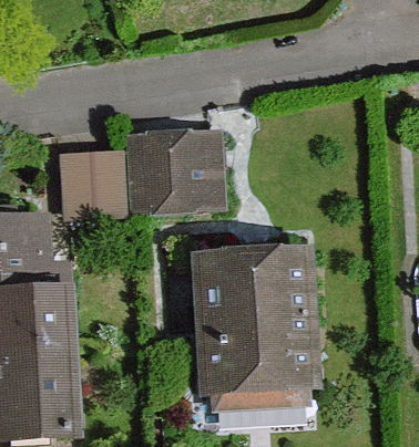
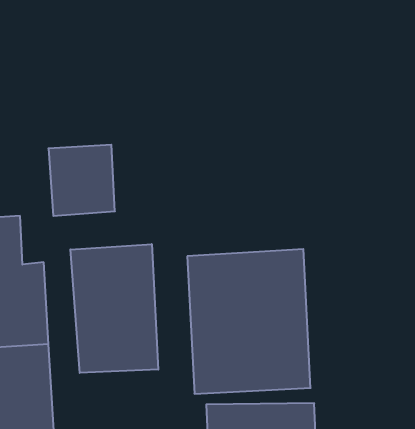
building: [129,129,204,206] -> none
building: none -> [70,244,158,373]

